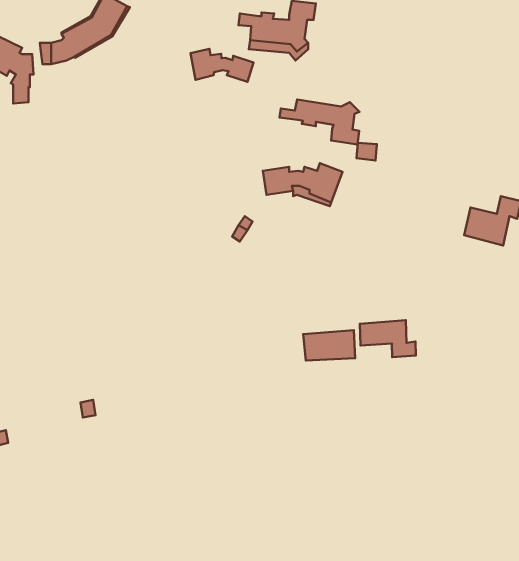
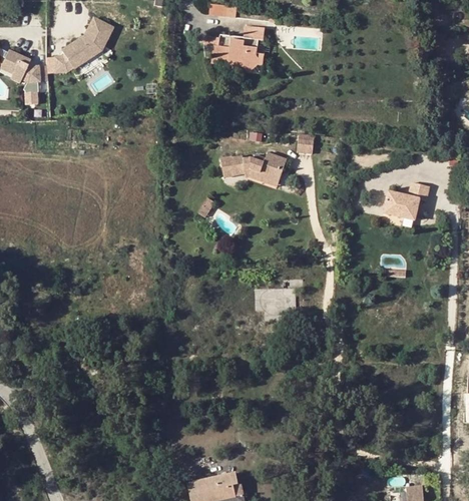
building: [190,49,254,82] -> none
building: [279,99,360,144] -> none
building: [360,320,416,357] -> none

